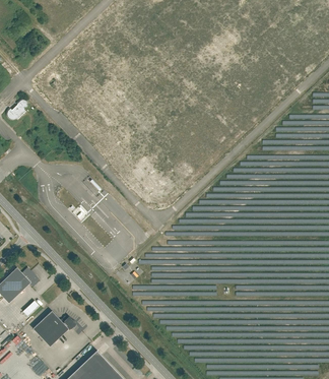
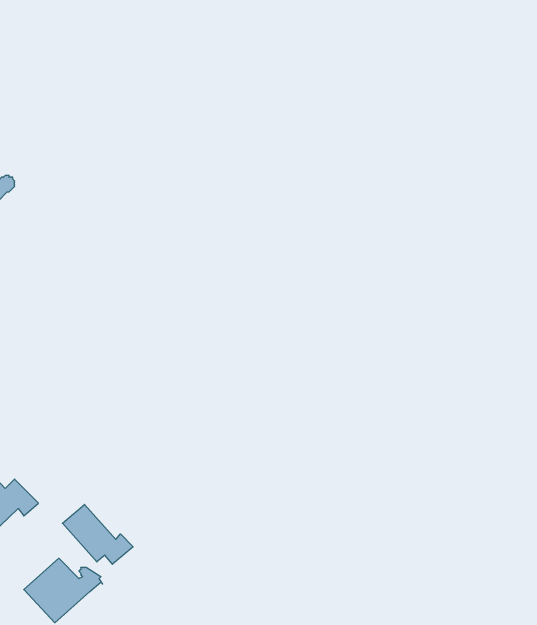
building: none -> [62,504,133,564]

